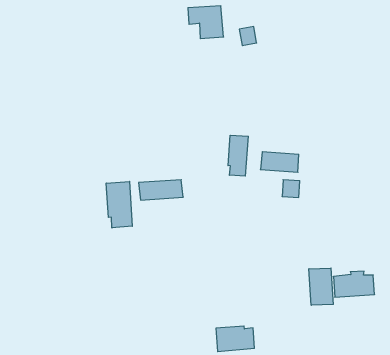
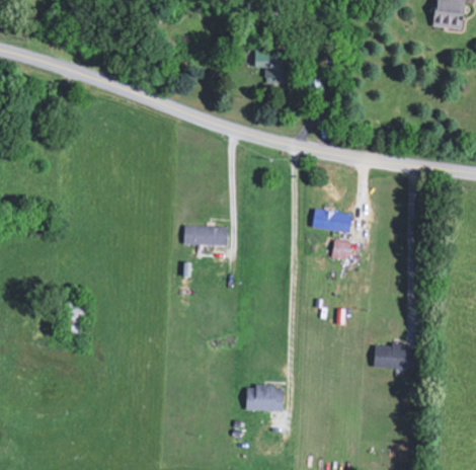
building: [228,135,248,176] -> none
building: [106,181,132,228] -> none
building: [309,268,333,305] -> none

